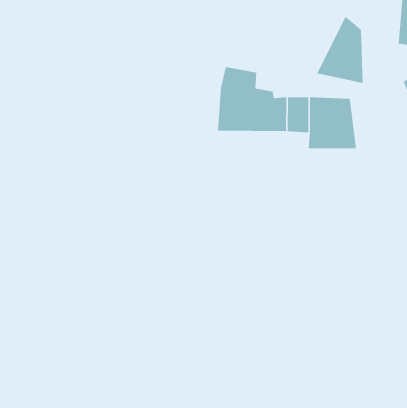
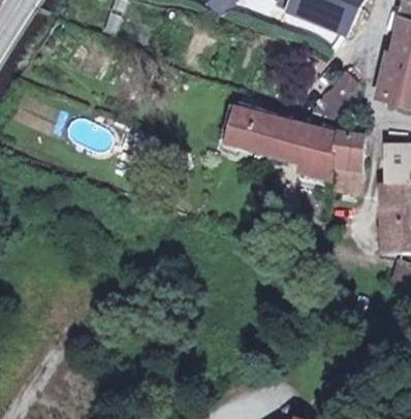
building: none -> [335,128,361,192]

